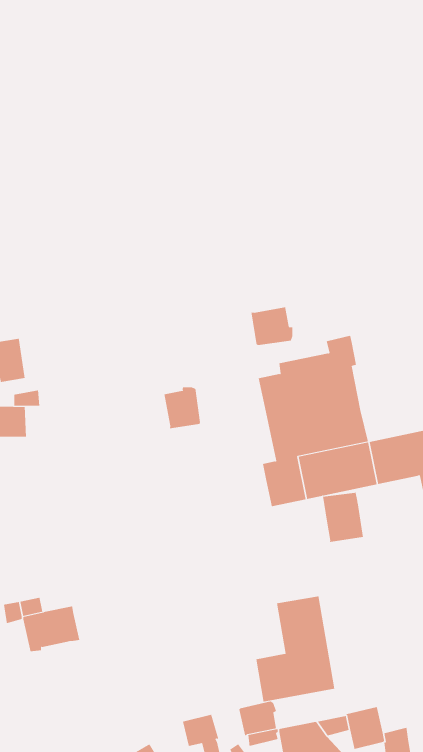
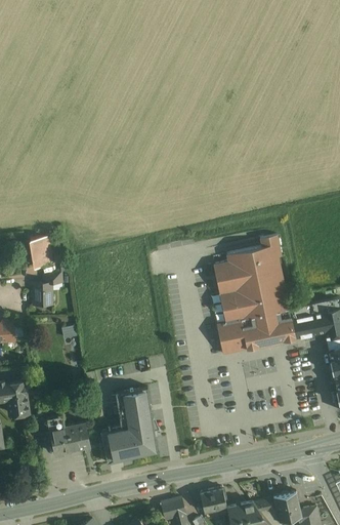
building: [251,306,293,346] -> none
building: [164,387,201,429] -> none
building: [323,491,364,543] -> none
building: [255,596,335,702] -> [102,388,158,461]

